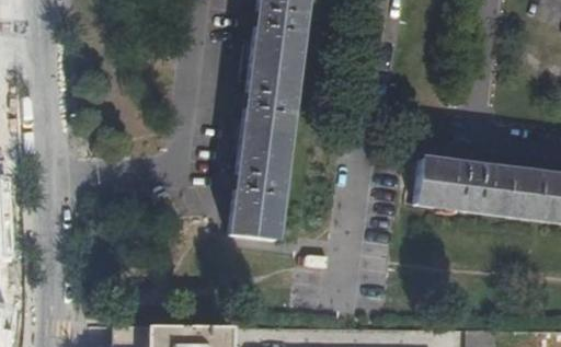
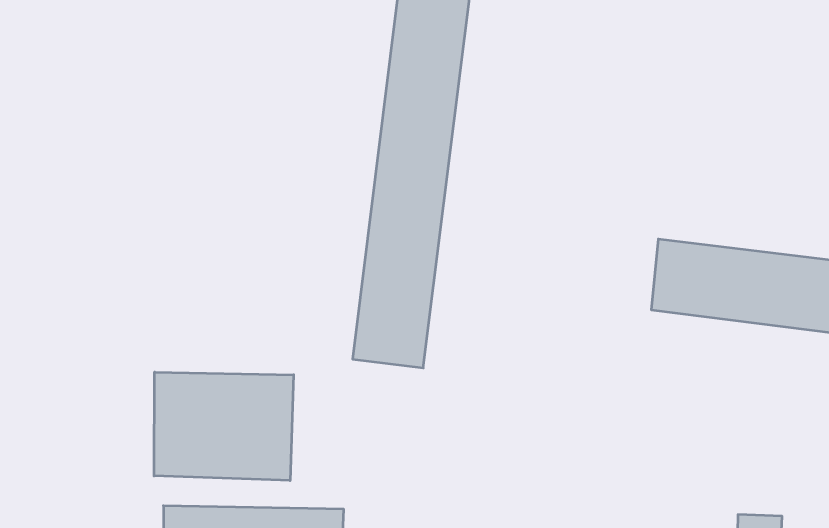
building: none -> [154,372,294,481]

